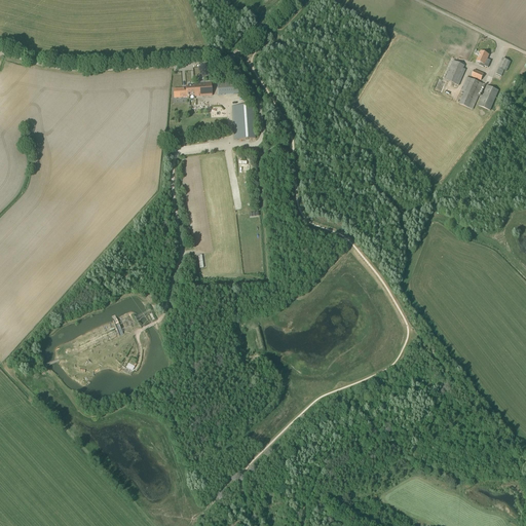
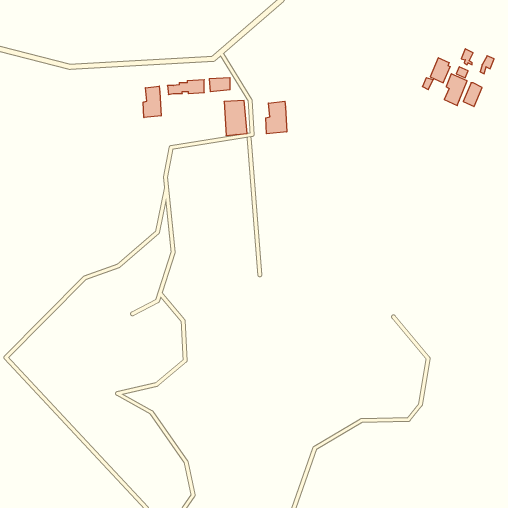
building: none -> [143,86,161,118]
building: none -> [266,101,287,134]

